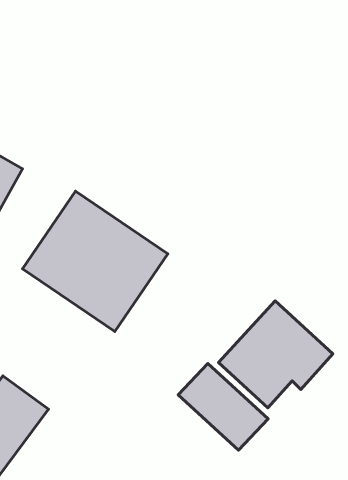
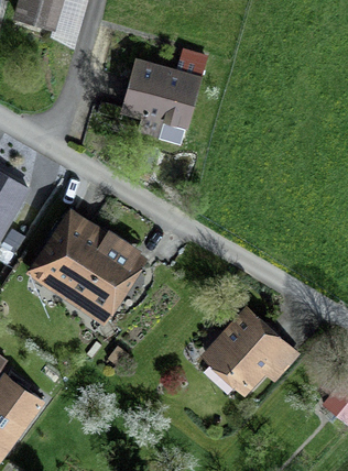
building: none -> [118,56,205,147]
building: [178,364,268,450] -> none

